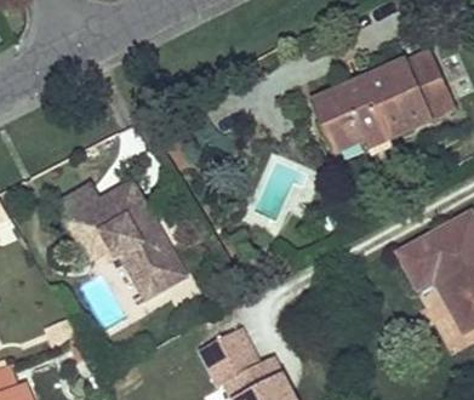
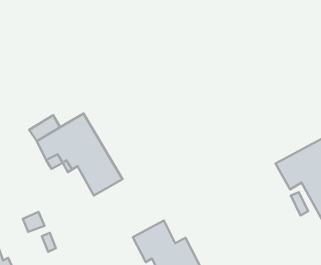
building: [312,48,452,154] -> none

